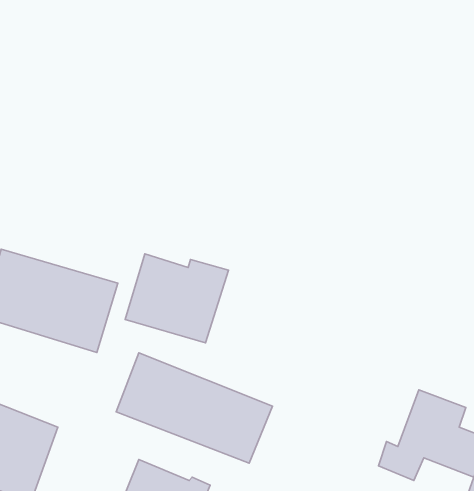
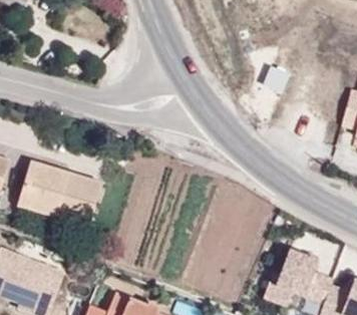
building: [125,254,228,343] -> none
building: [116,353,272,463] -> none

